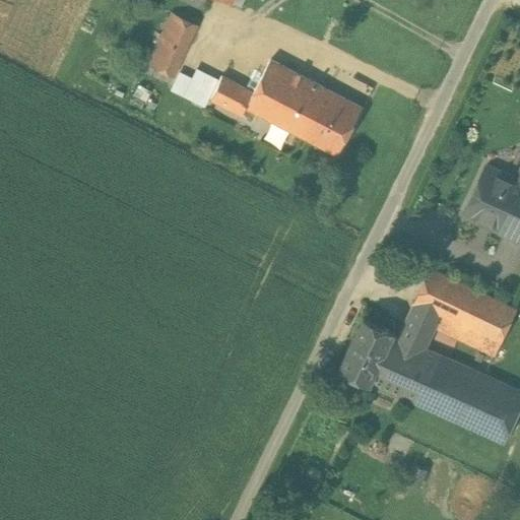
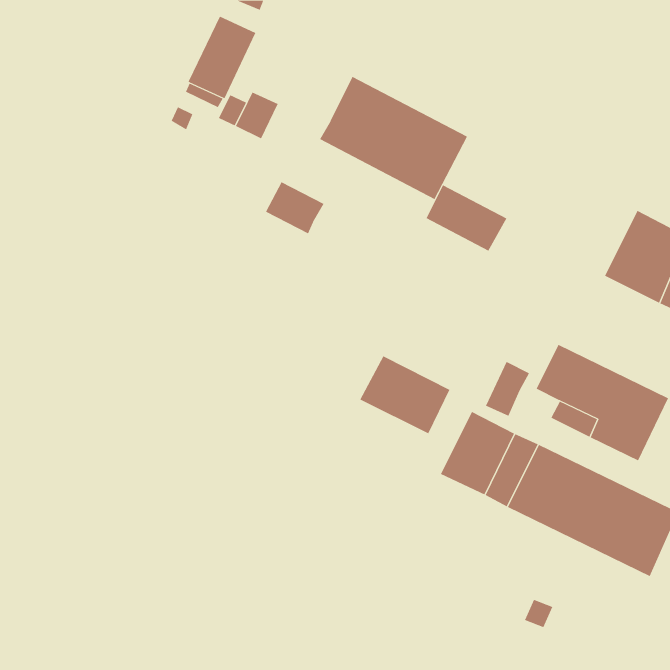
building: [210,77,256,118] -> [265,182,324,234]
building: none -> [426,185,507,252]
building: none -> [360,355,450,434]
building: [399,302,434,344] -> [485,361,530,416]

